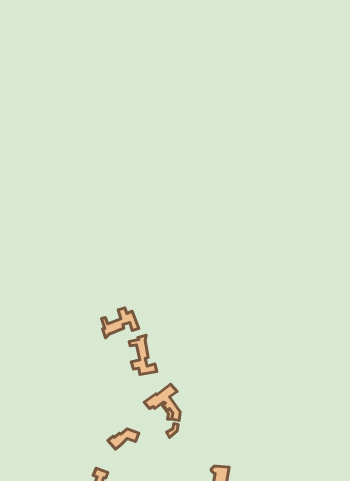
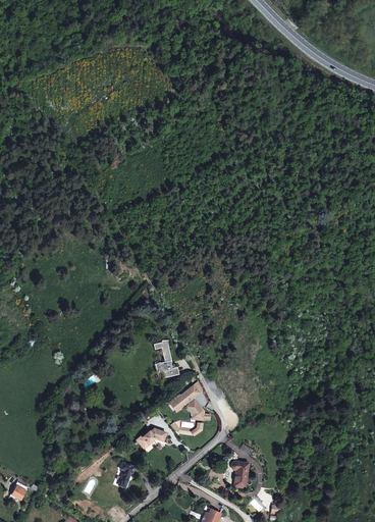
building: [101,308,139,338] -> none

